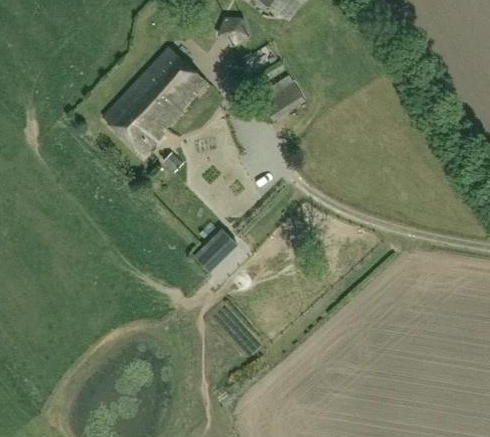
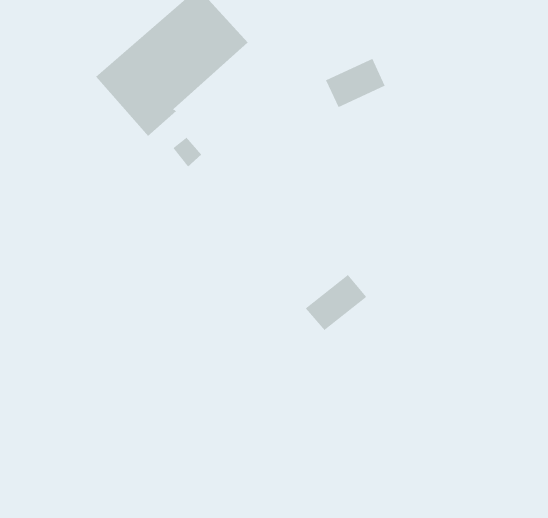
building: [193,229,235,270] -> [305,274,367,331]

